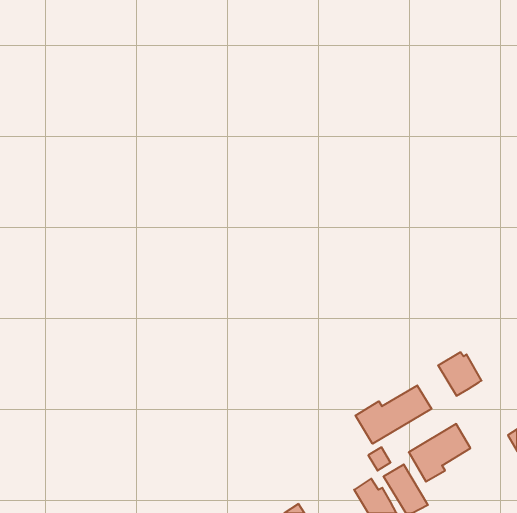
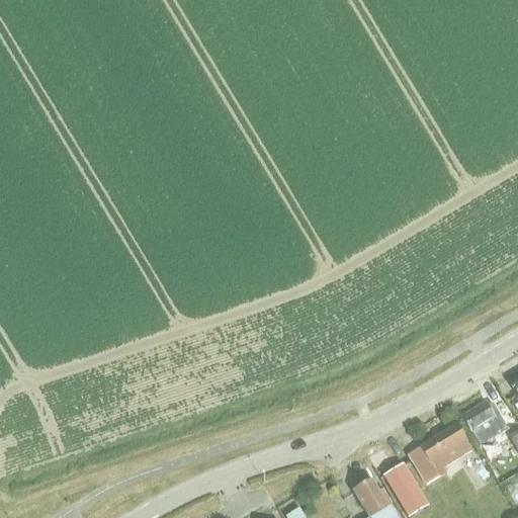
building: [438,352,482,396] -> [462,400,506,443]
building: [355,385,432,444] -> none

